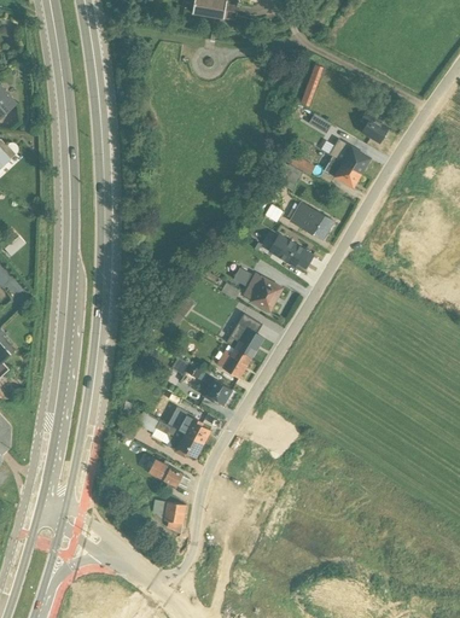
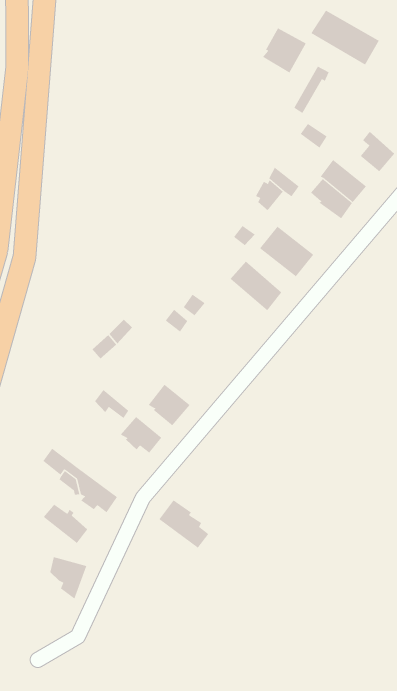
building: none -> [311,10,379,66]
building: none -> [262,28,307,73]
building: [241,272,283,313] -> none
building: [226,322,263,358] -> none
building: [165,406,209,443] -> [158,499,209,549]

